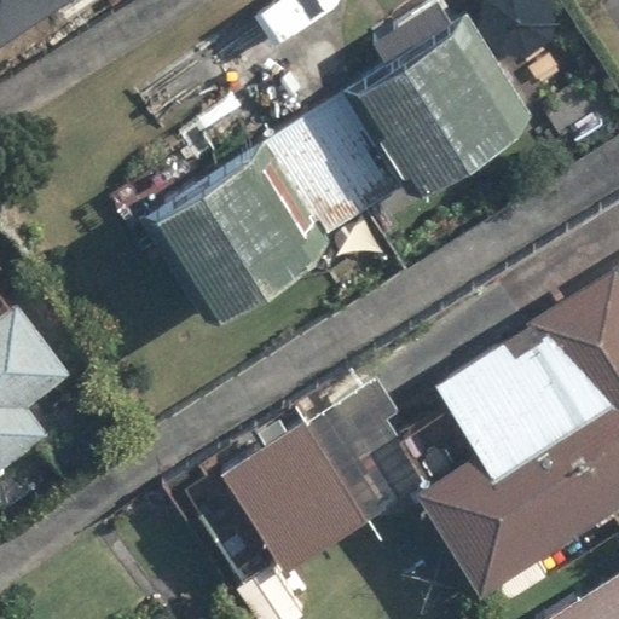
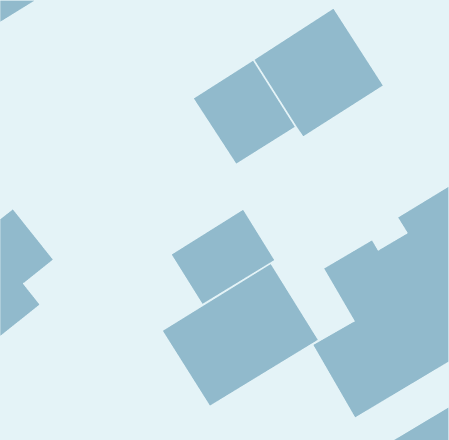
building: [149,149,330,325] -> none
building: none -> [171,209,275,305]

